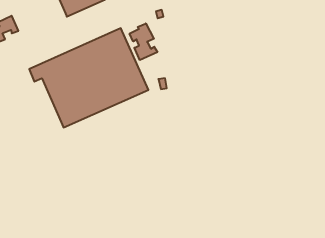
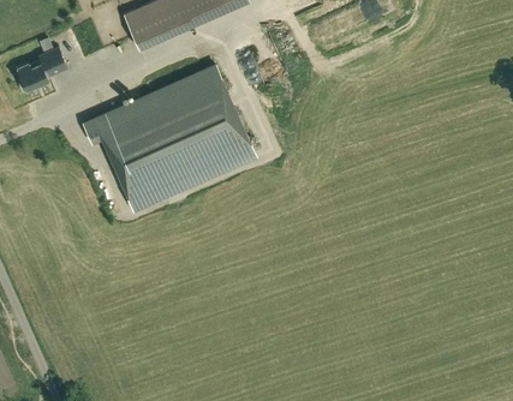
building: [130,23,157,60] -> none

